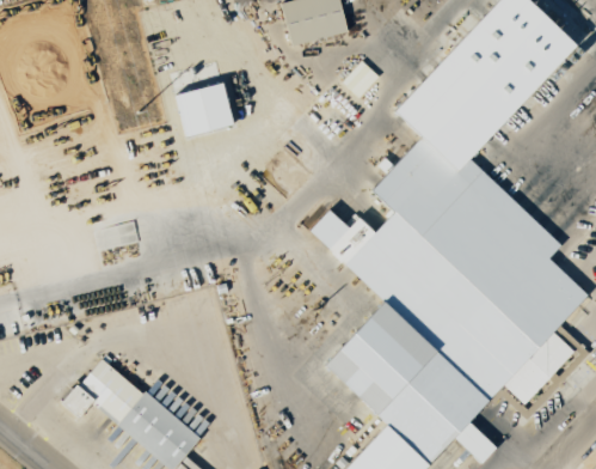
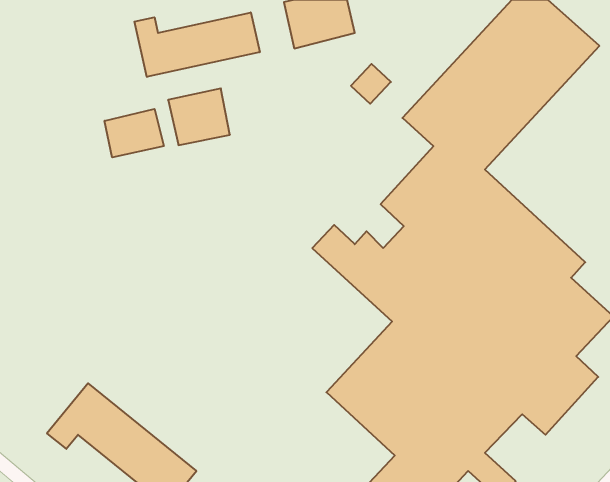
building: none -> [134,12,260,77]
building: none -> [105,109,164,157]

